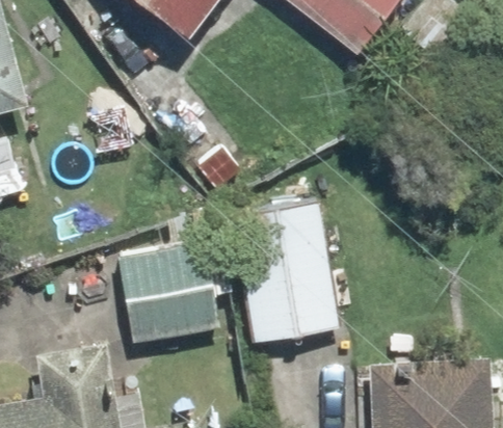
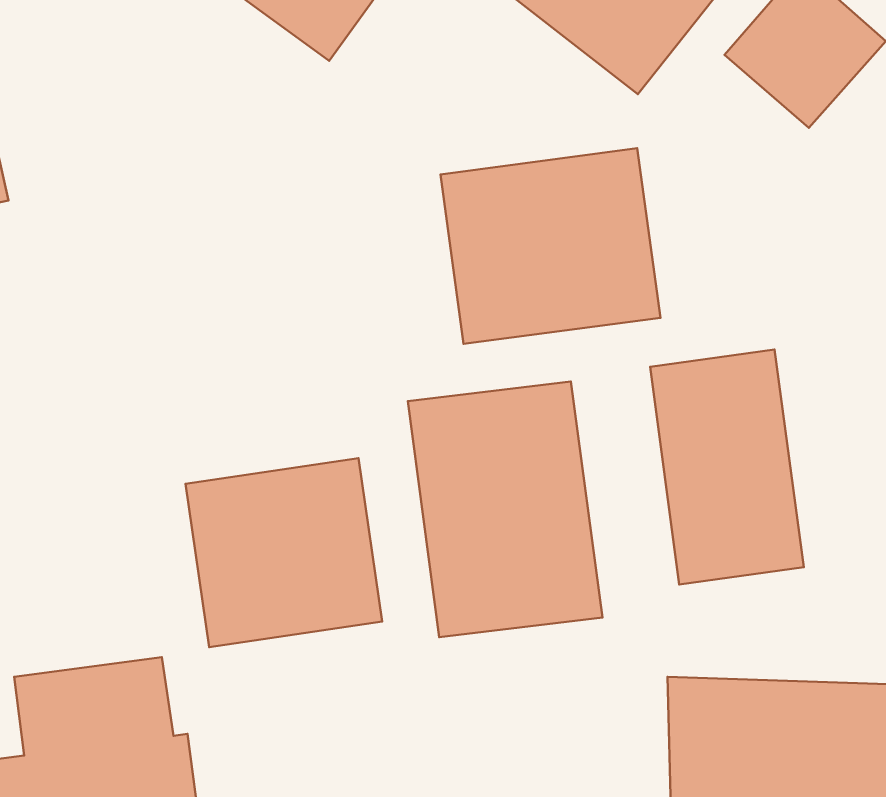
building: none -> [440,148,660,344]
building: none -> [650,349,804,584]

